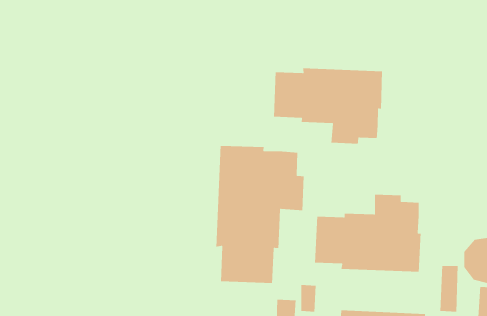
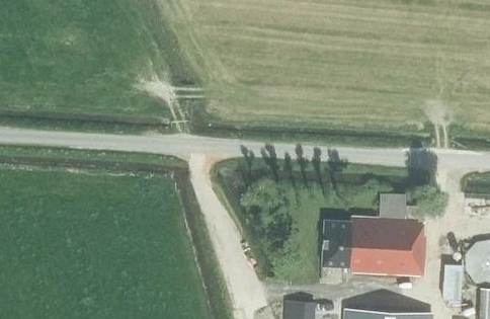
building: [273,67,383,144] -> none
building: [216,145,305,284] -> none

